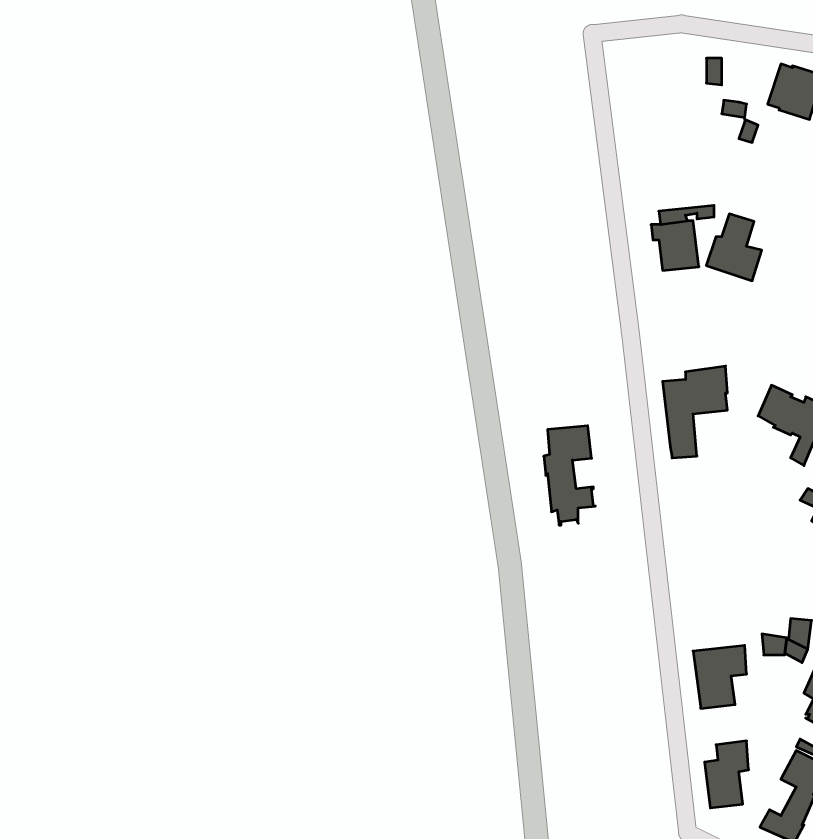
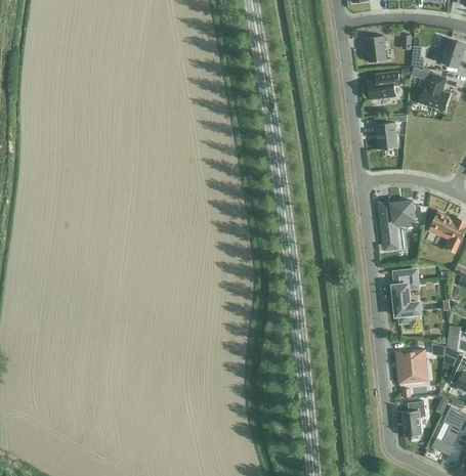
building: none -> [363,36,386,63]
building: none -> [368,72,399,99]
building: [706,214,762,281] -> [420,75,450,111]
building: [544,426,595,525] -> [392,270,420,323]

